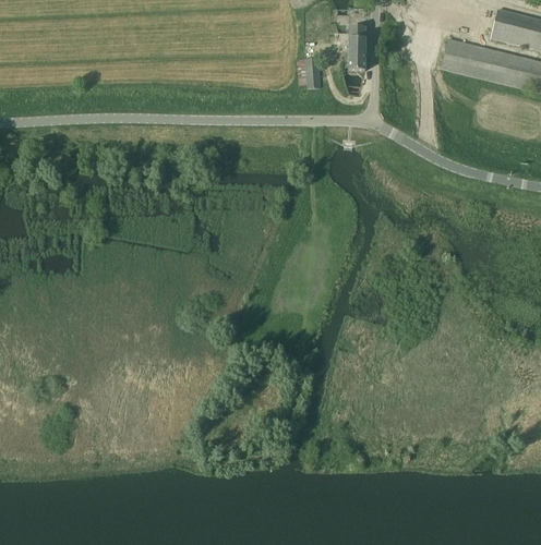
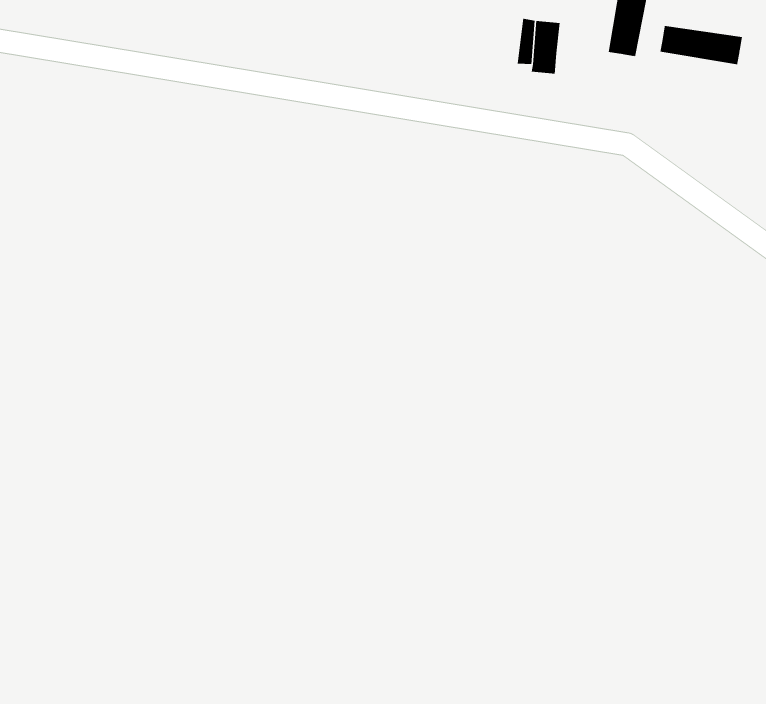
building: none -> [660,25,742,65]

